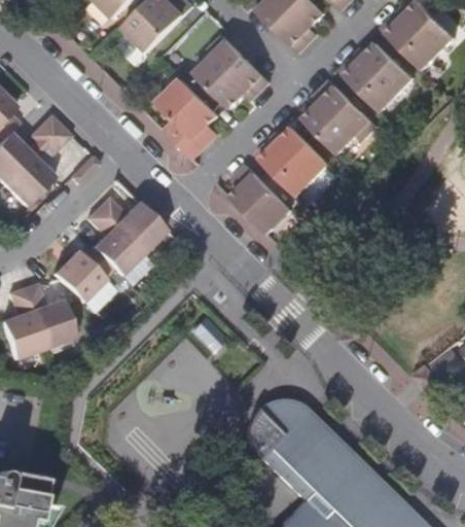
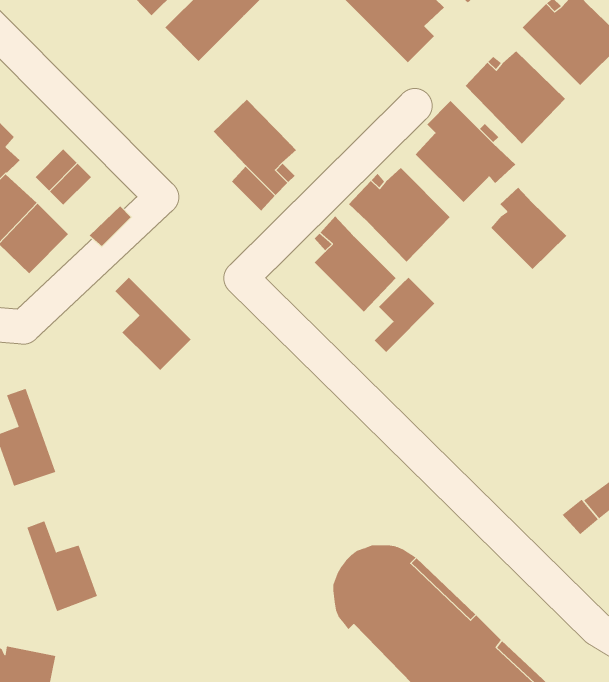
building: [196,36,271,108] -> none
building: none -> [490,187,567,270]
building: [98,198,166,253] -> none
building: none -> [374,277,435,353]
building: [53,248,113,303] -> none
building: [24,283,75,349] -> [26,521,98,612]

